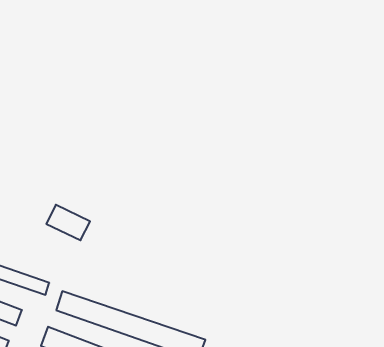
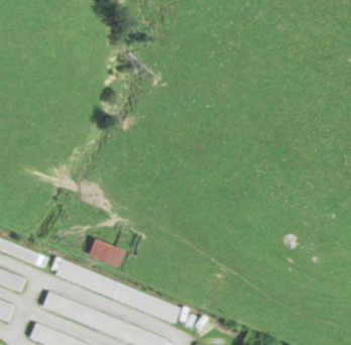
building: [46,205,90,240] -> [87,238,124,268]

